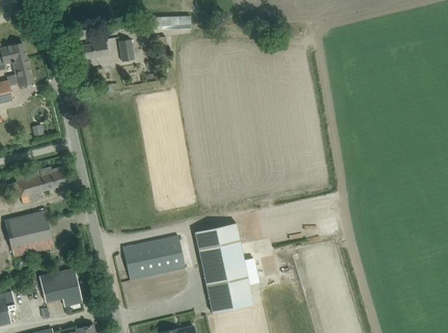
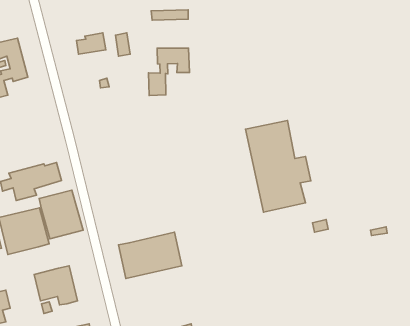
building: none -> [148,48,190,95]
building: none -> [39,190,83,239]
building: [195,223,259,313] -> [245,121,311,212]

